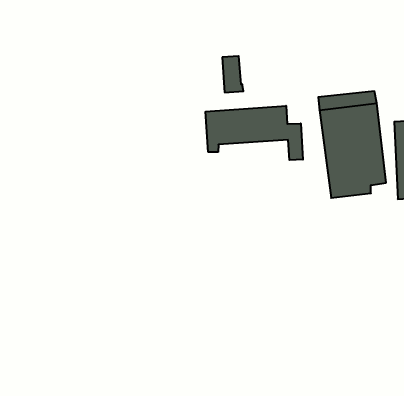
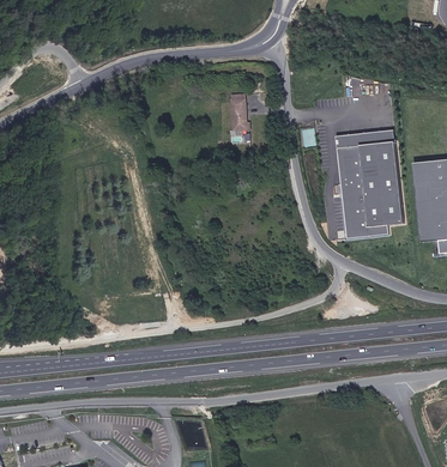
building: [206,106,303,160] -> none

